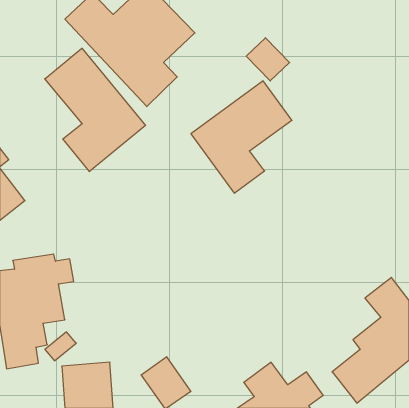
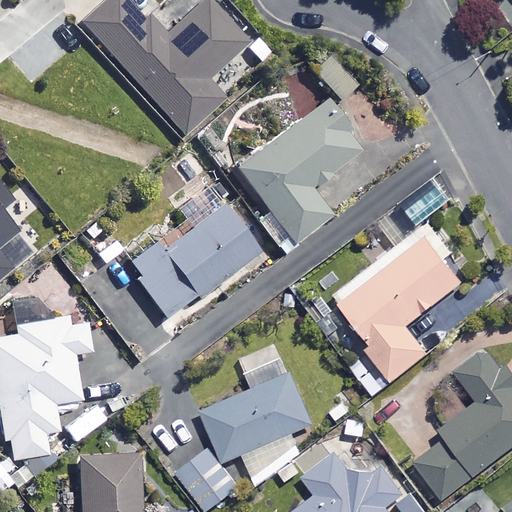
building: [45,48,145,172] -> none
building: none -> [125,204,259,322]
building: none -> [340,234,465,382]
building: none -> [203,361,313,462]

